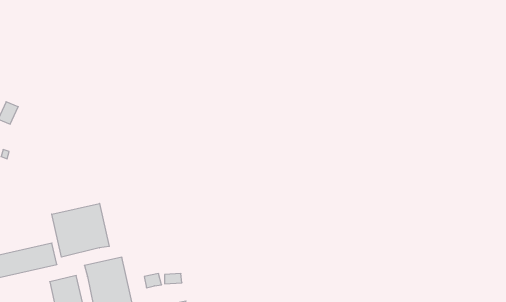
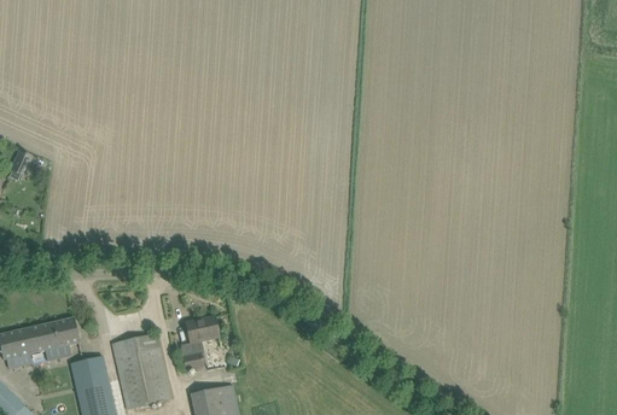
building: [52,203,109,257] -> none
building: none -> [185,315,217,341]

